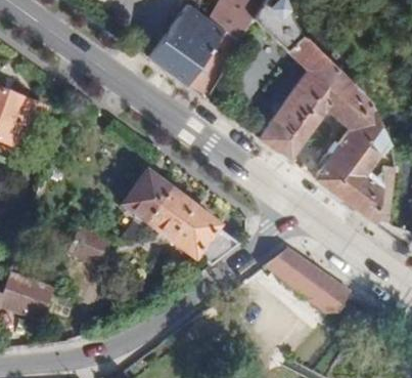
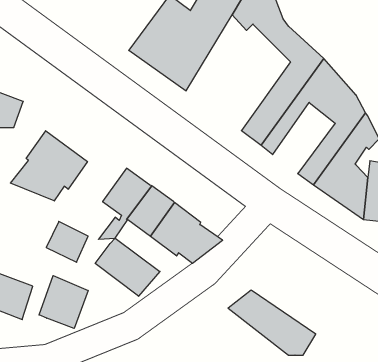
building: none -> [10,131,87,201]
building: none -> [95,238,160,296]
building: [264,247,350,310] -> [228,290,316,355]
building: none -> [39,276,88,328]

